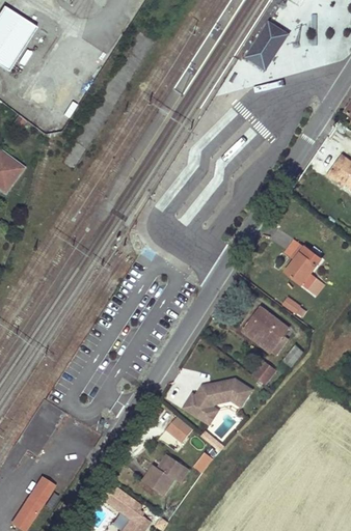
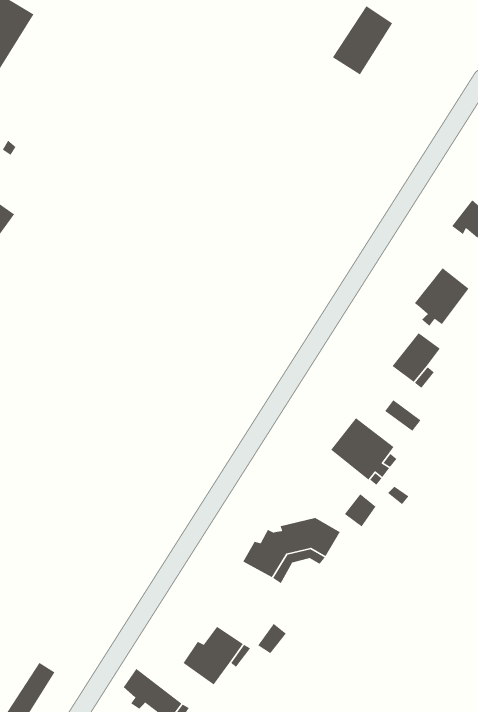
building: none -> [414,267,470,327]
building: [159,414,193,449] -> none

